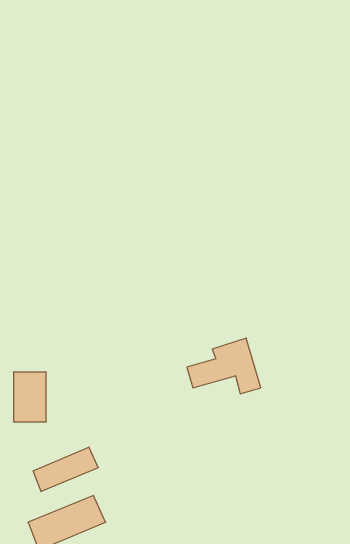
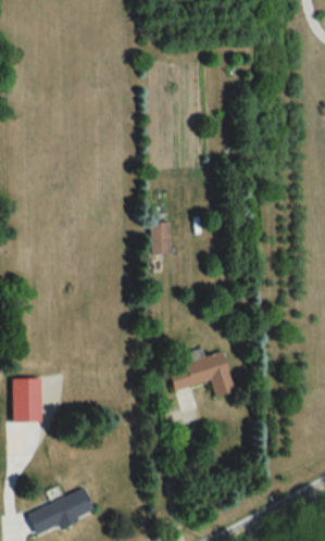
building: none -> [152,223,172,255]
building: [33,447,98,492] -> none

